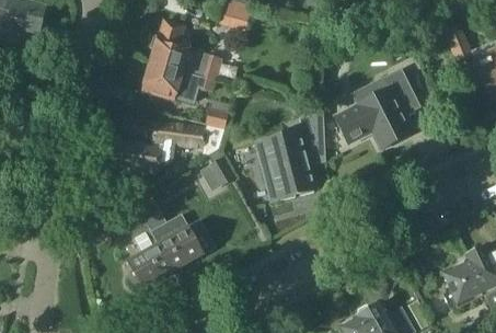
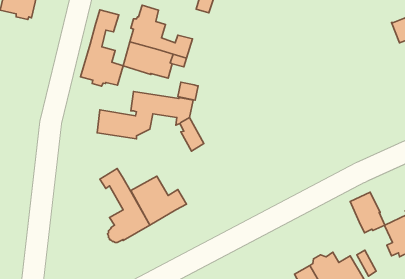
building: none -> [81,10,123,86]
building: [334,70,414,150] -> none
building: [261,111,325,199] -> none
building: none -> [350,192,385,233]

